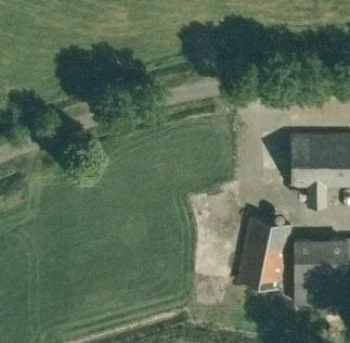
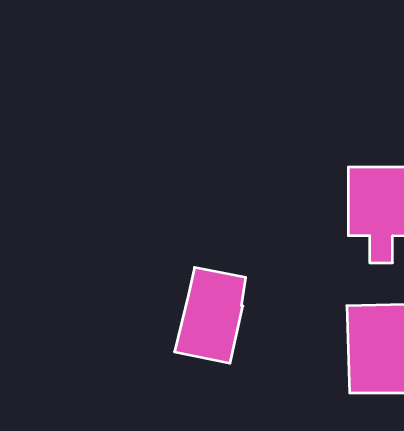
building: [237,217,291,290] -> [174,267,246,363]

